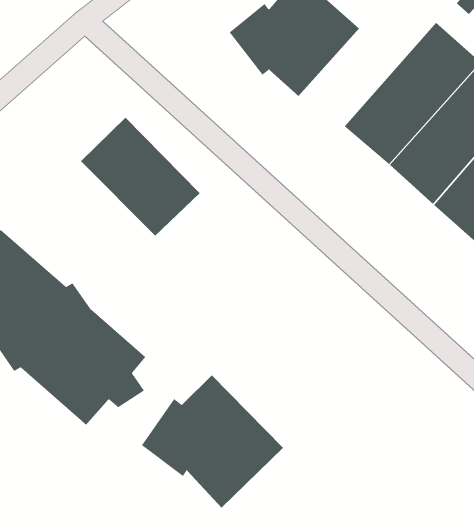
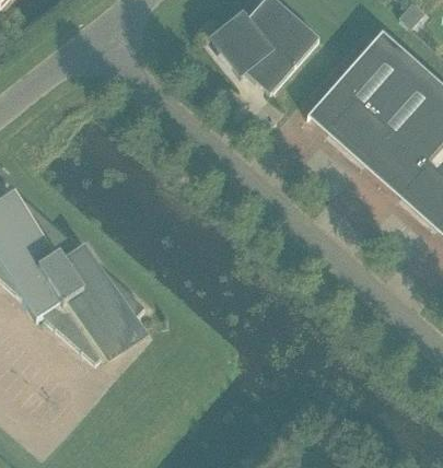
building: [80,117,200,236] -> none
building: [141,374,284,508] -> none

